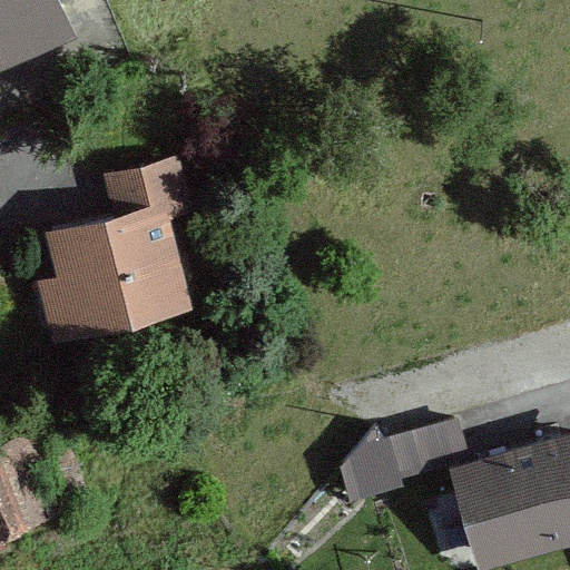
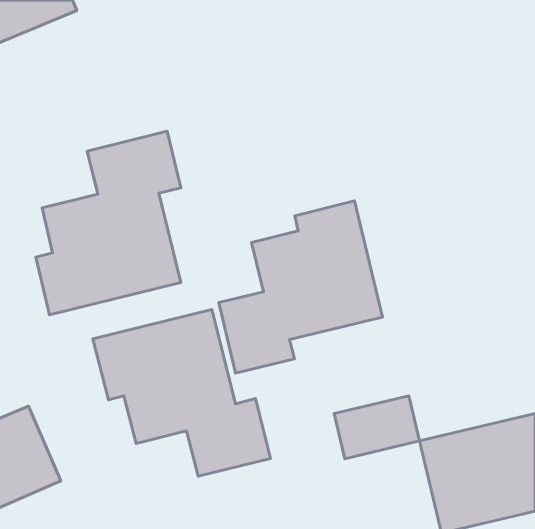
building: none -> [219,201,382,373]
building: none -> [93,309,271,476]

